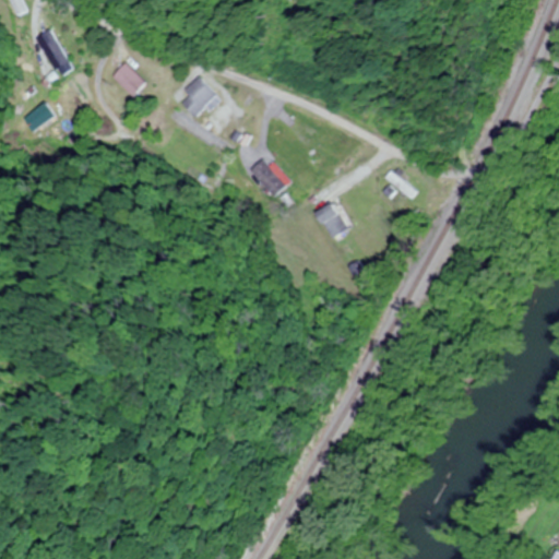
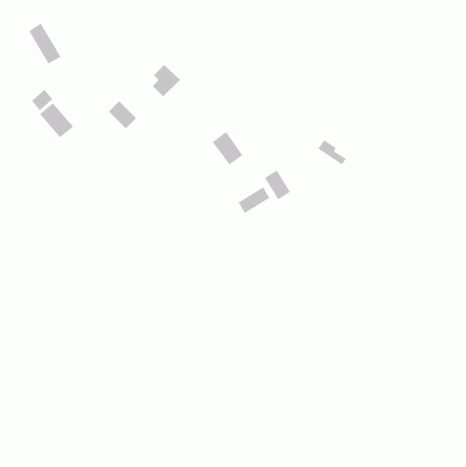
building: [112,61,146,95] -> [108,101,137,129]
building: none -> [39,102,74,138]
building: none -> [238,187,270,214]

